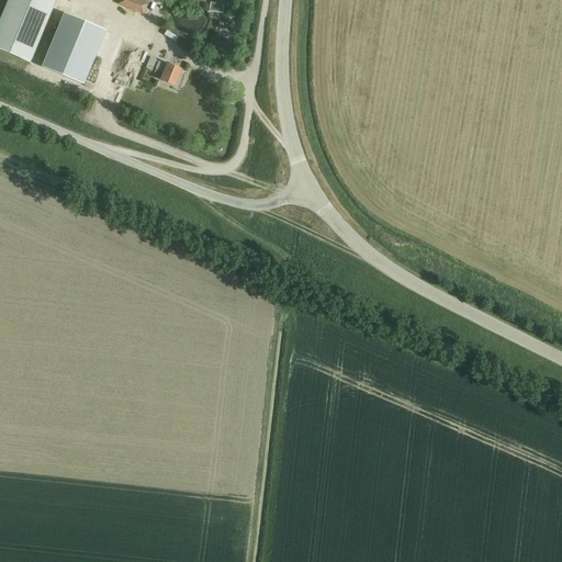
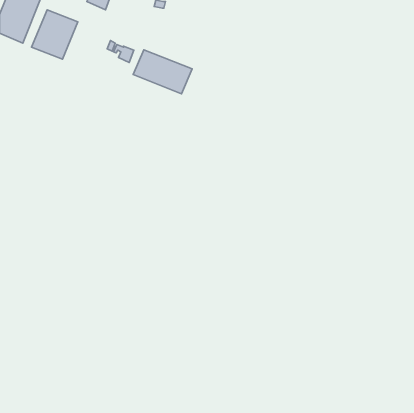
building: none -> [133,50,192,94]

